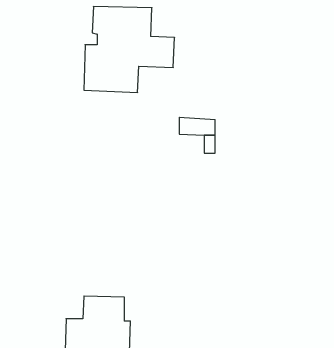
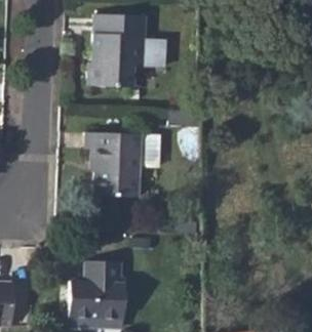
building: none -> [84,133,158,198]

